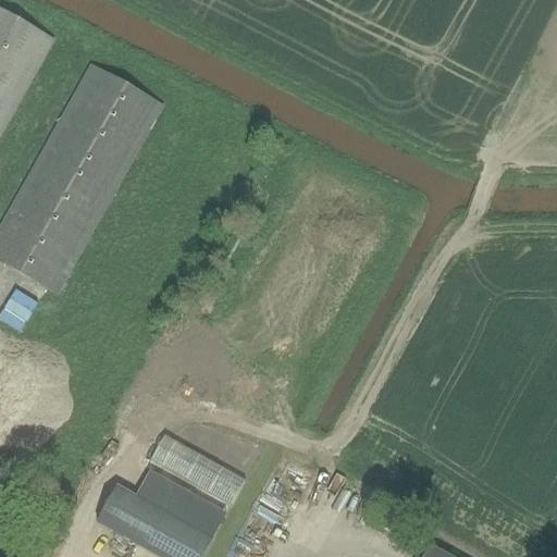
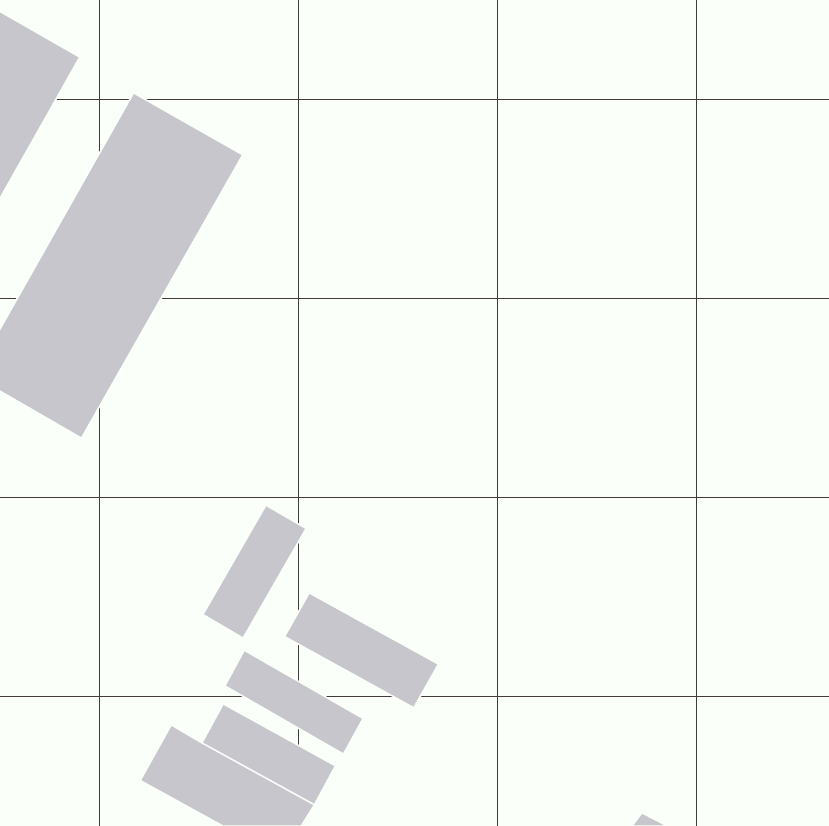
building: none -> [203,505,306,638]
building: none -> [285,593,438,708]

